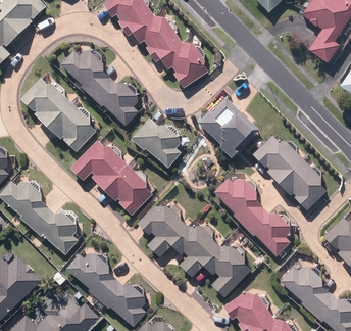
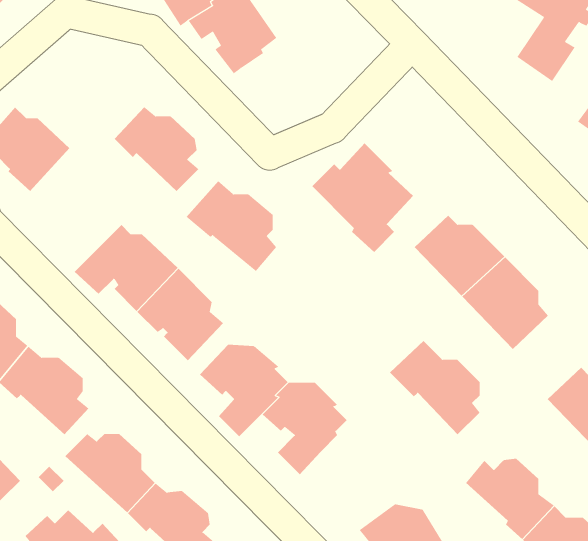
building: [160,41,206,87] -> none
building: [61,50,108,95] -> none
building: [47,100,95,150] -> none
building: [214,178,258,221] -> none
building: [203,246,250,296] -> none

